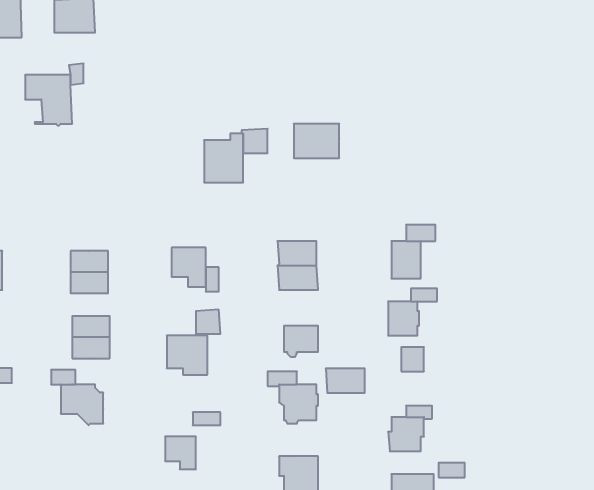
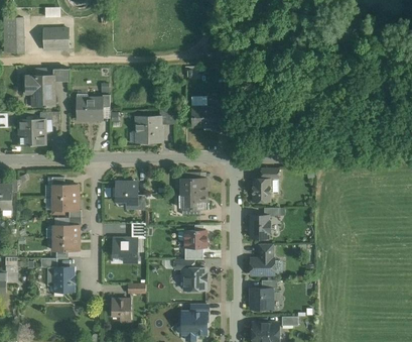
building: none -> [77,98,103,119]
building: none -> [19,119,45,145]
building: [326,368,365,393] -> [250,259,274,274]

